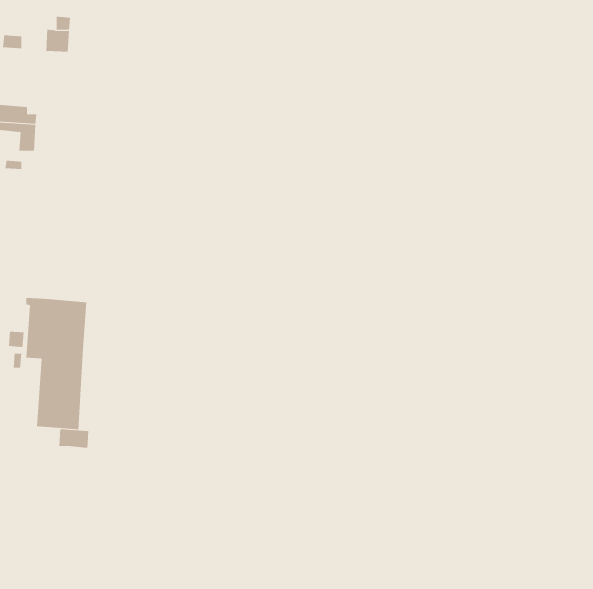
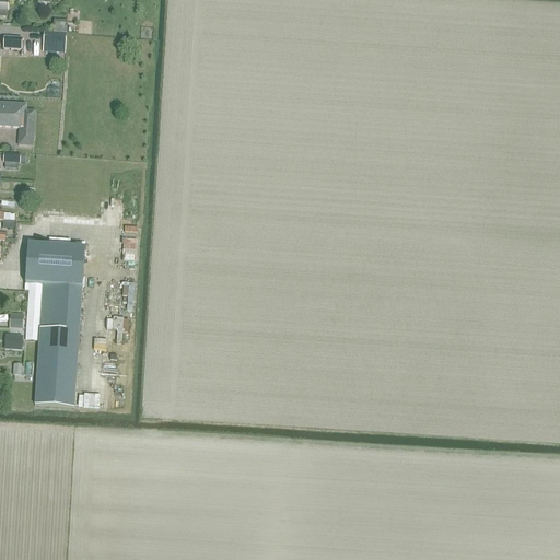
building: none -> [24,241,84,284]
building: [59,429,89,449] -> none

